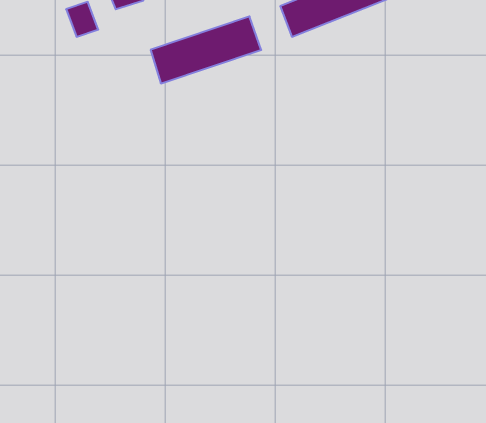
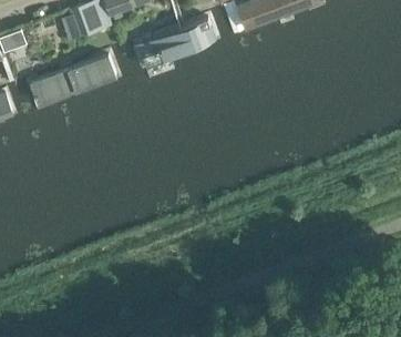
building: none -> [31,59,117,106]

